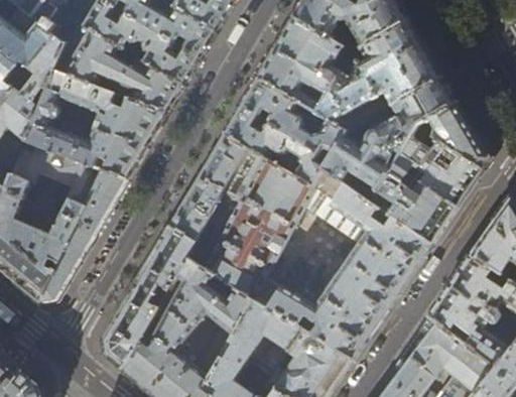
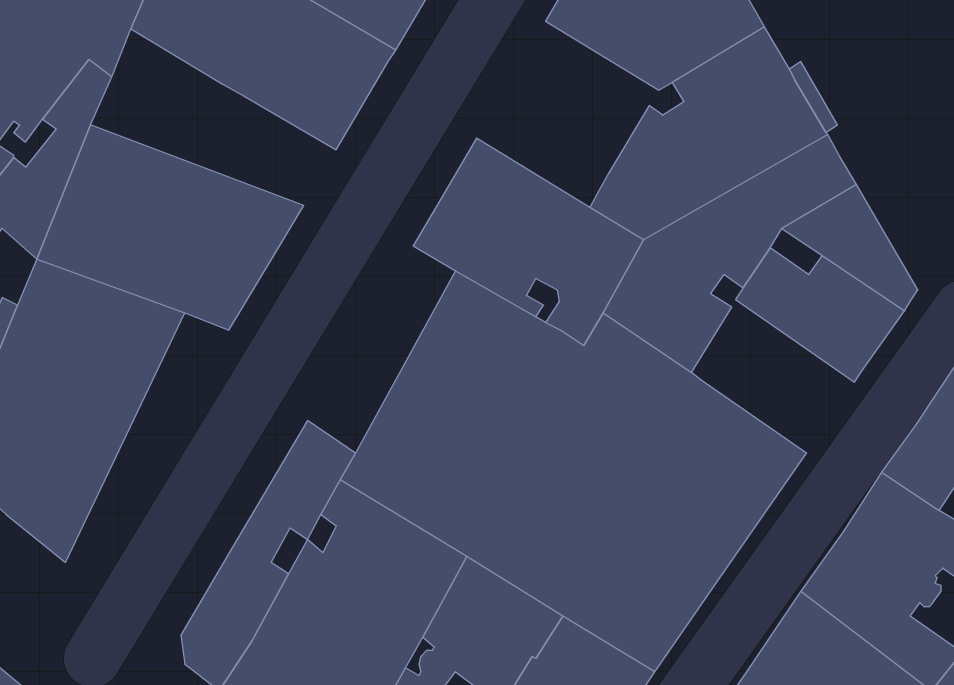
building: [256,18,352,116] -> none
building: [53,22,182,115] -> none
building: [167,136,245,245] -> none
building: [369,164,455,245] -> none
building: [40,171,126,303] -> none

